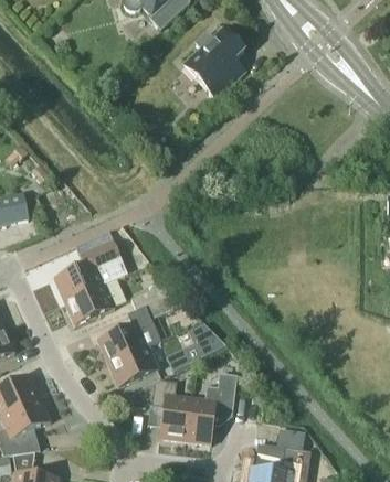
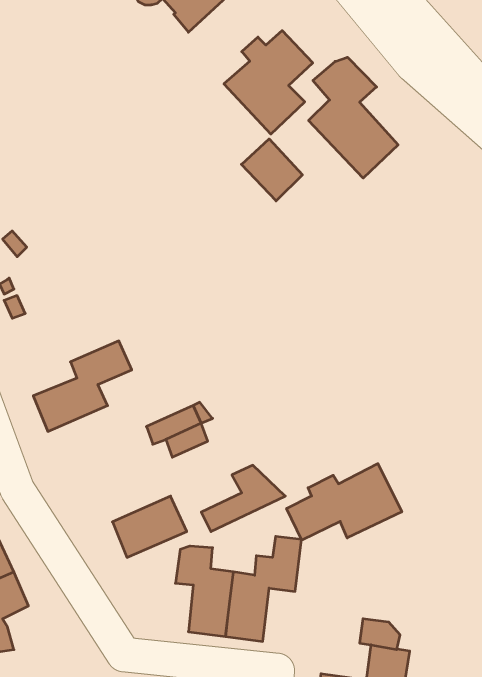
building: none -> [309,57,398,178]
building: none -> [241,139,302,201]
building: [63,283,114,324] -> none
building: [97,322,147,363] -> none
building: none -> [287,464,402,540]

